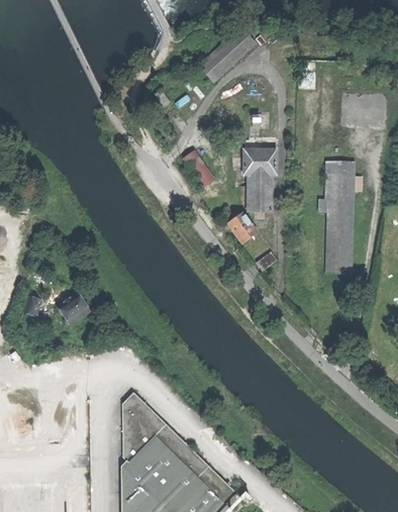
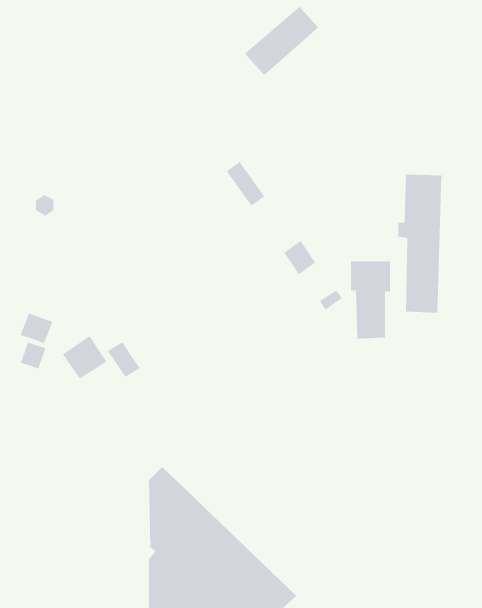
building: [242,149,275,212] -> [350,261,391,339]
building: none -> [20,313,53,344]
building: none -> [107,341,141,378]

